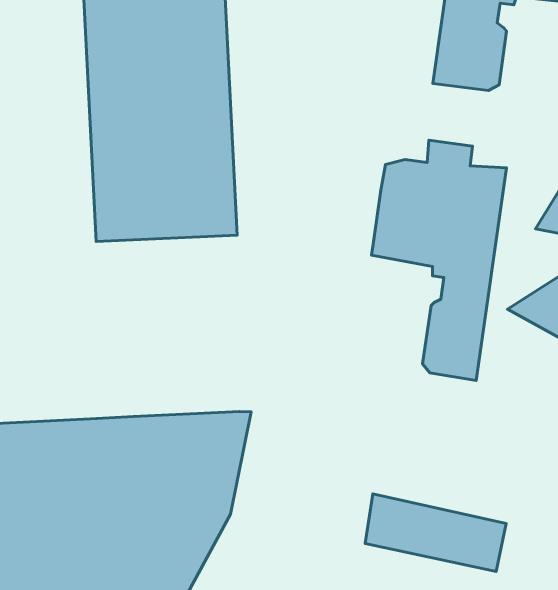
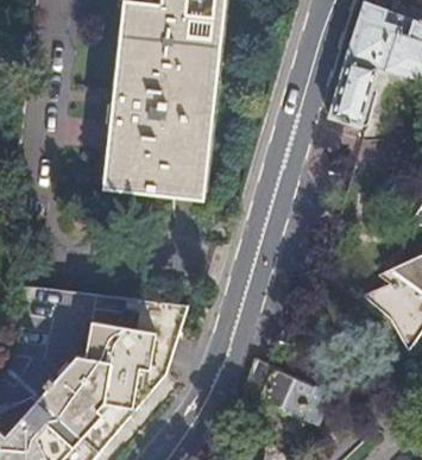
building: [371,140,506,380] -> none

